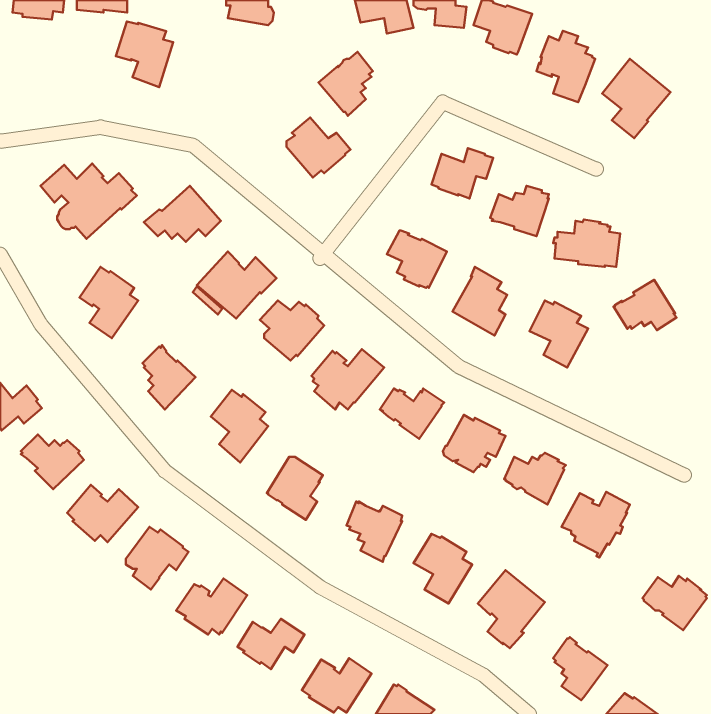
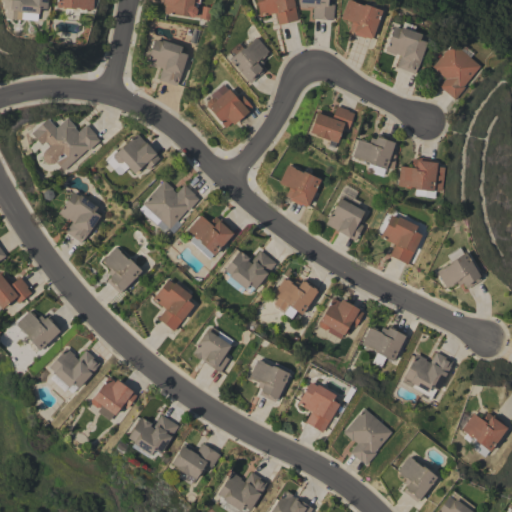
building: [116,21,173,87] -> [147,39,188,86]
building: [614,280,676,330] -> [437,252,482,288]

